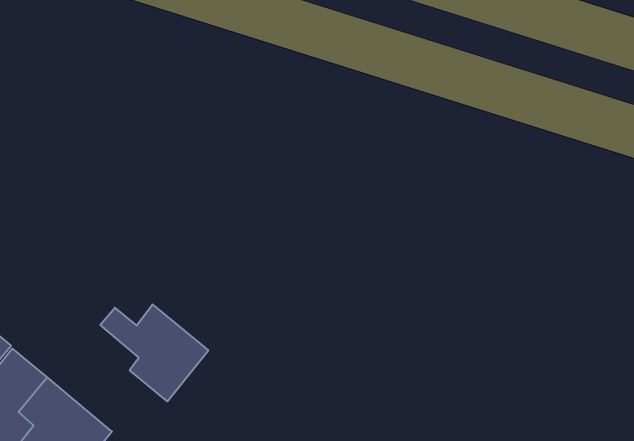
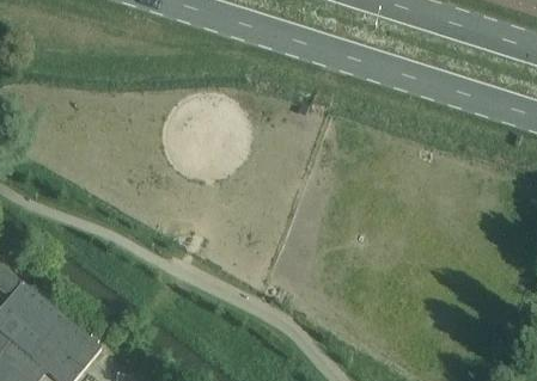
building: [100,304,208,401] -> none

